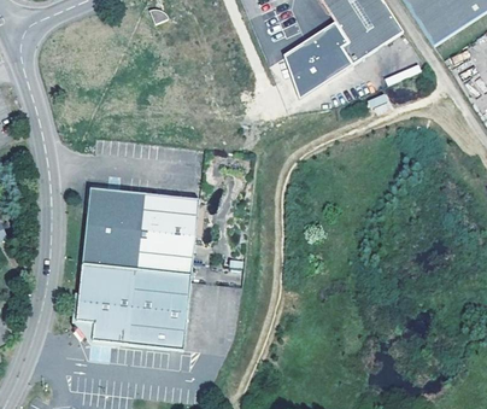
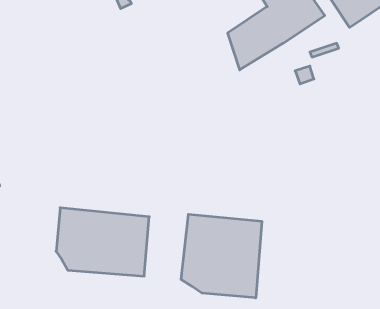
building: [82,189,196,275] -> none
building: none -> [181,214,262,298]

